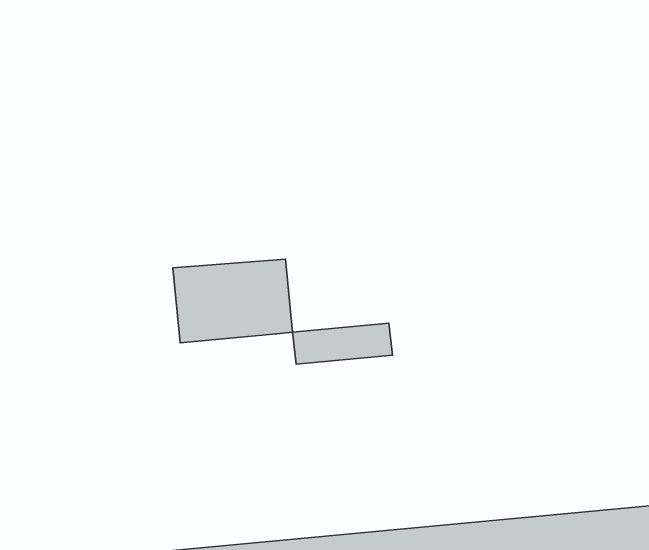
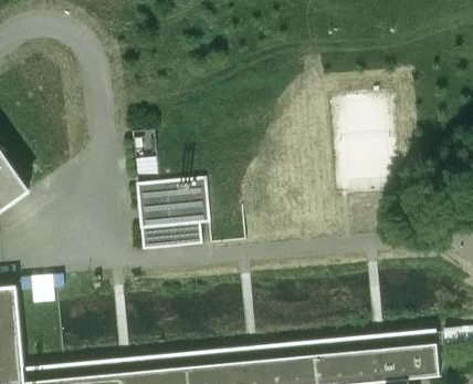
building: [293,323,392,364] -> [140,225,202,250]

